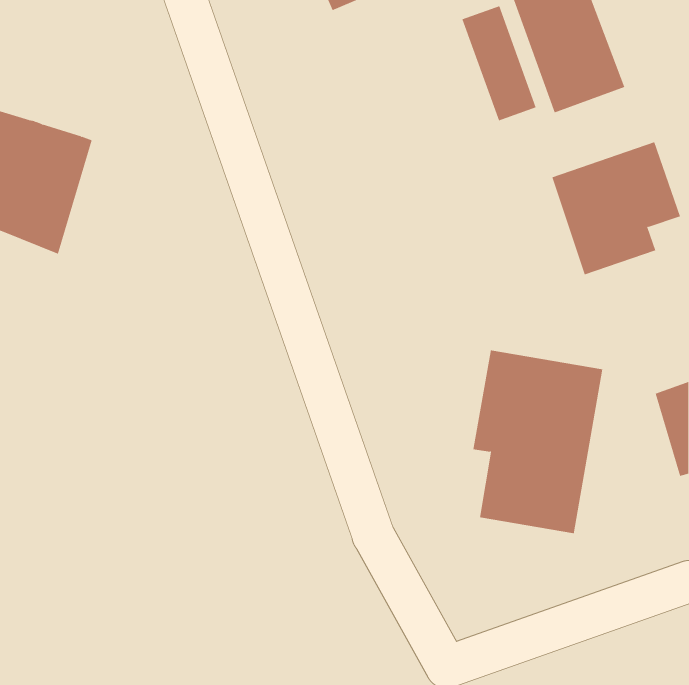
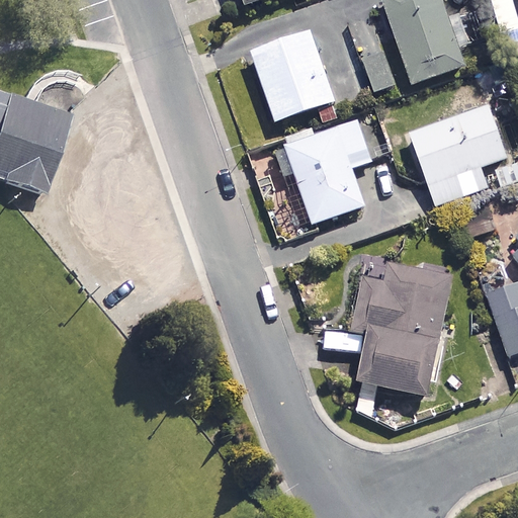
building: none -> [251,32,334,122]
building: none -> [283,116,369,224]

